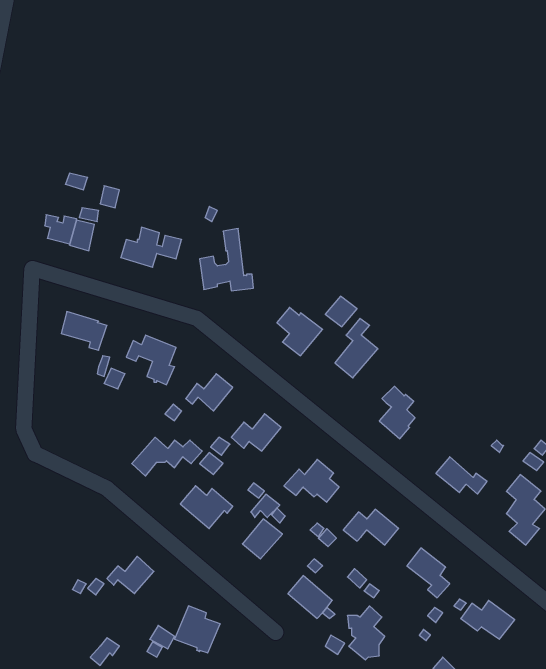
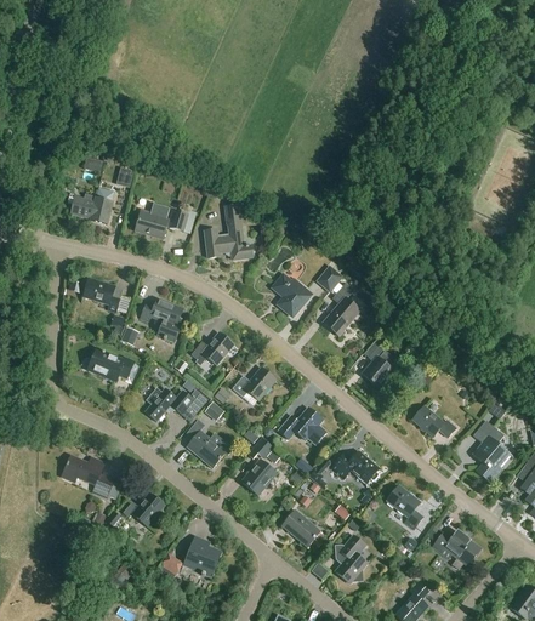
building: none -> [89,349,133,381]
building: none -> [61,455,114,498]

